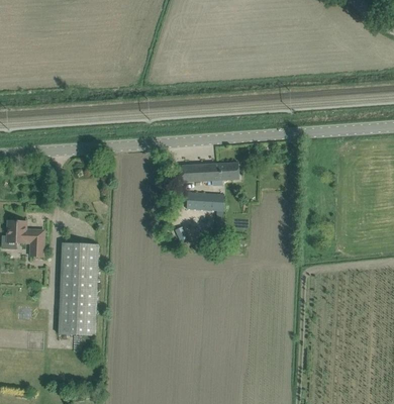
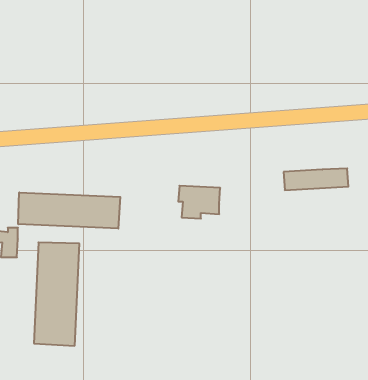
building: [181,162,238,181] -> [284,168,348,190]
building: none -> [18,192,120,229]

